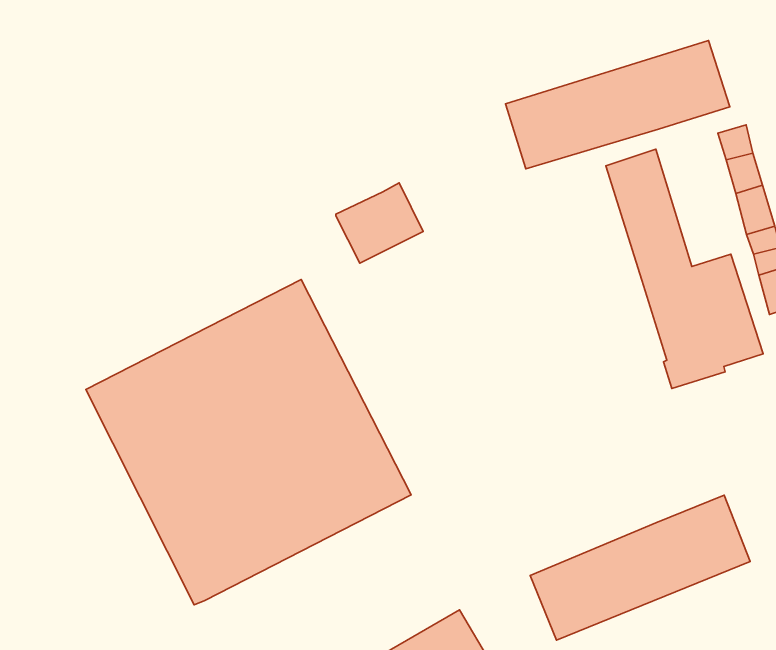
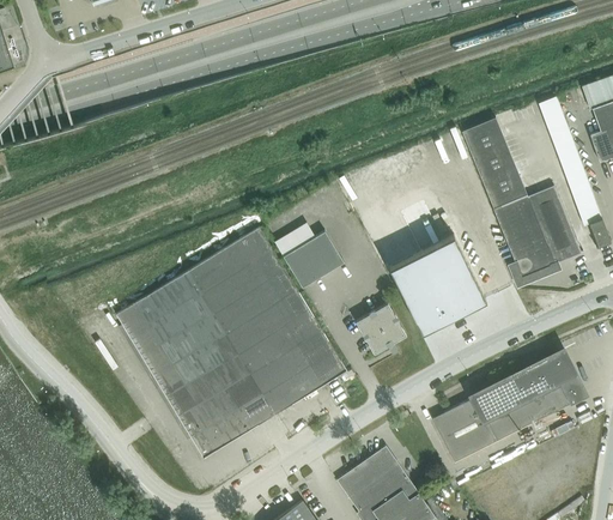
building: [505,41,730,169] -> none
building: [336,183,423,263] -> [283,230,344,288]
building: none -> [389,235,485,331]
building: none -> [353,300,405,351]

